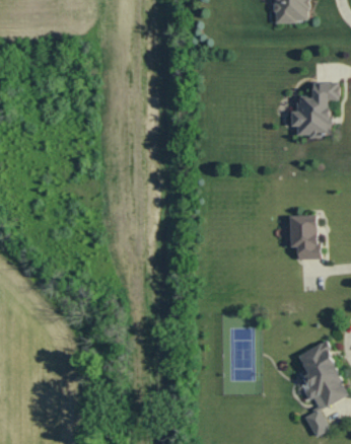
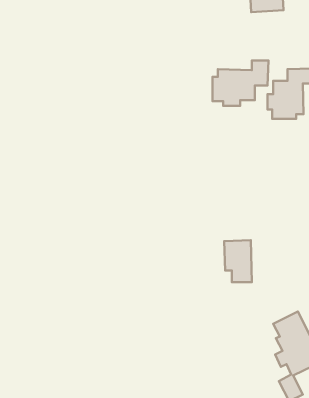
building: none -> [213,60,269,106]
building: [289,215,319,260] -> [224,240,252,282]

